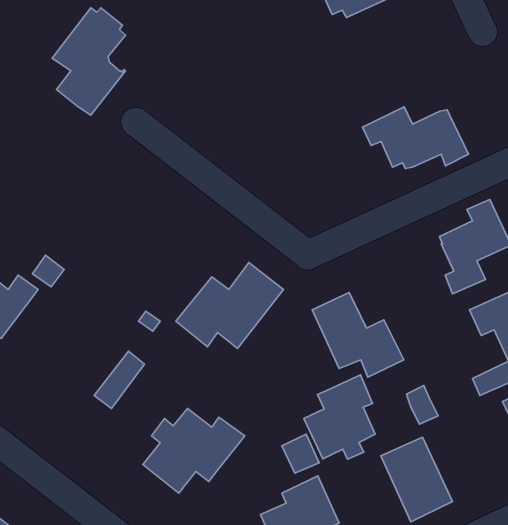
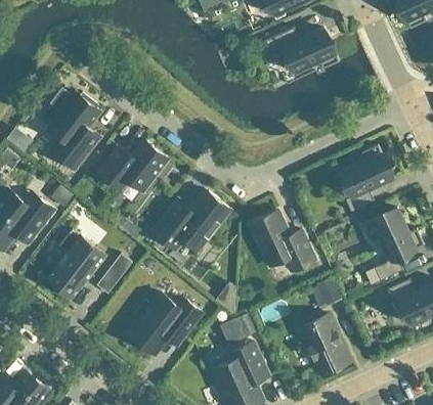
building: [52,8,125,115] -> [47,93,99,170]
building: [362,107,469,169] -> [263,28,339,72]
building: none -> [98,140,168,194]
building: none -> [47,231,104,299]
building: [304,375,375,459] -> none

